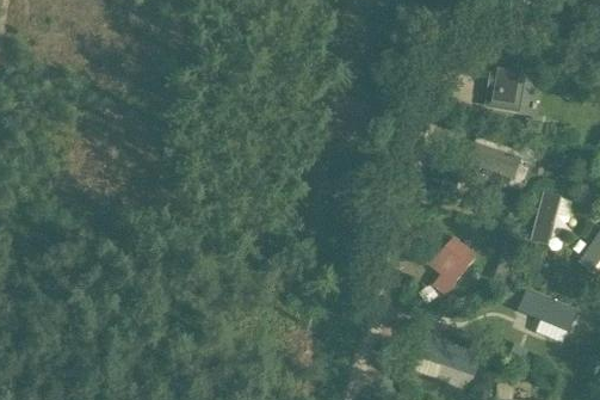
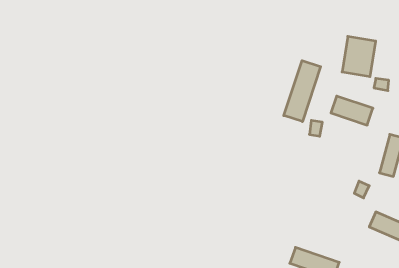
building: none -> [284,61,321,122]
building: [427,235,478,294] -> none

